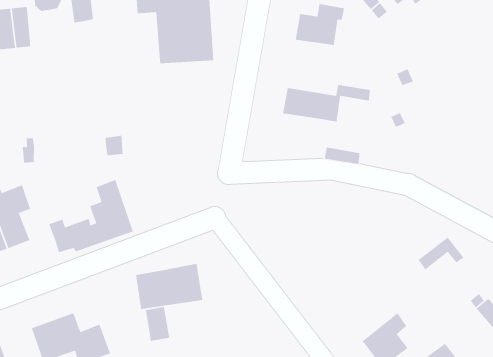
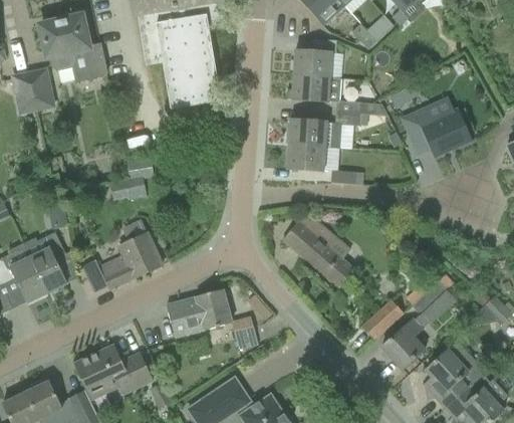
building: none -> [292,74,389,115]
building: none -> [401,108,472,157]
building: none -> [287,144,325,171]
building: none -> [284,213,354,285]
building: [417,237,464,270] -> [412,280,455,313]
building: none -> [362,299,403,338]
building: [145,306,170,342] -> [231,315,257,350]

